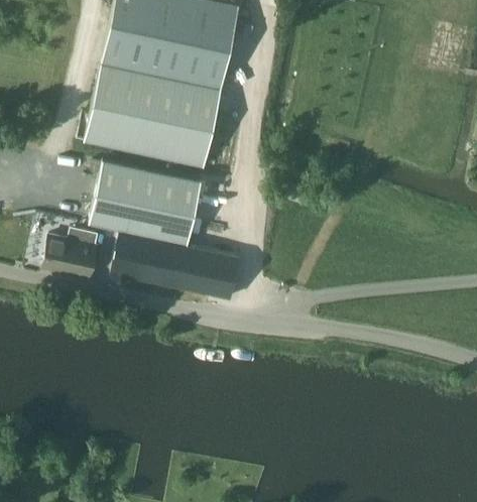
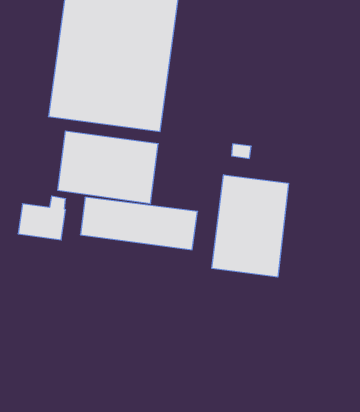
building: none -> [212,175,288,277]

